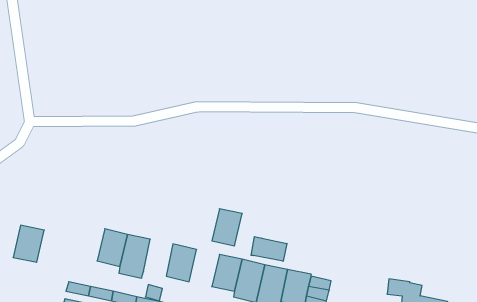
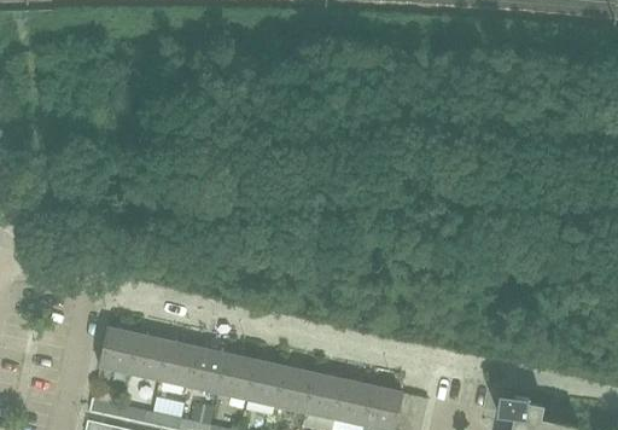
building: [212,209,242,246] -> [245,359,284,406]
building: [13,225,44,262] -> [98,326,138,373]
building: [251,237,287,261] -> none
building: none -> [187,345,225,393]

